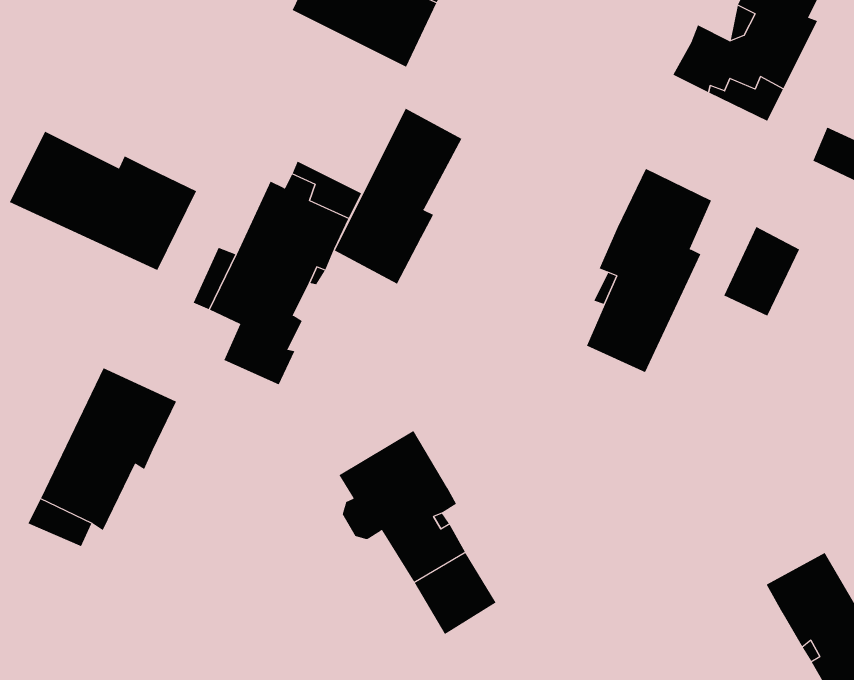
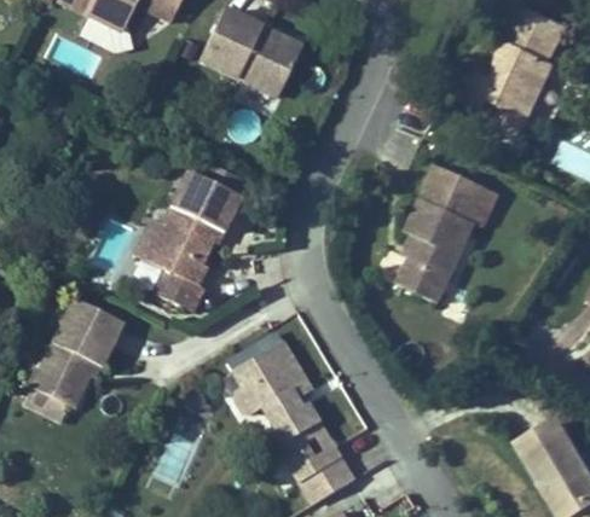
building: [334,108,462,285] -> none
building: [9,131,197,271] -> none
building: [723,226,800,317] -> none
building: none -> [299,455,352,503]

